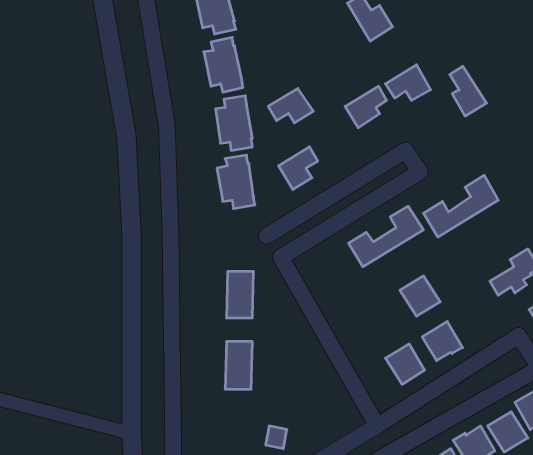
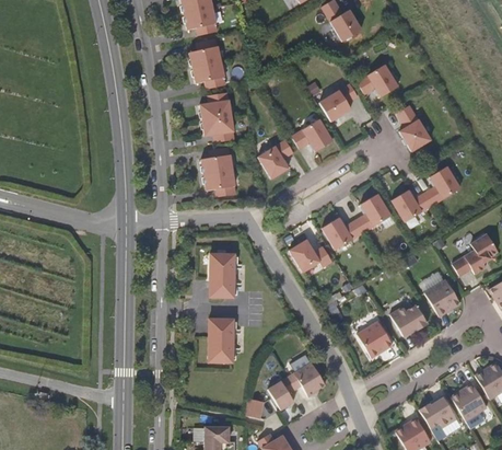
building: [450,66,487,116] -> [398,105,432,151]
building: [268,88,313,123] -> [292,119,334,151]
building: none -> [290,240,332,272]
building: [400,276,440,316] -> [424,279,462,316]
building: none -> [268,361,326,409]

